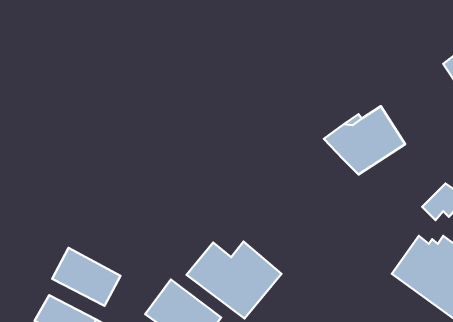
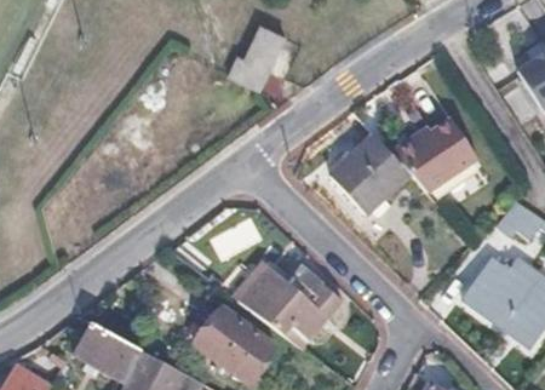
building: none -> [228,21,282,86]
building: none -> [329,136,409,216]
building: [52,248,120,306] -> none

